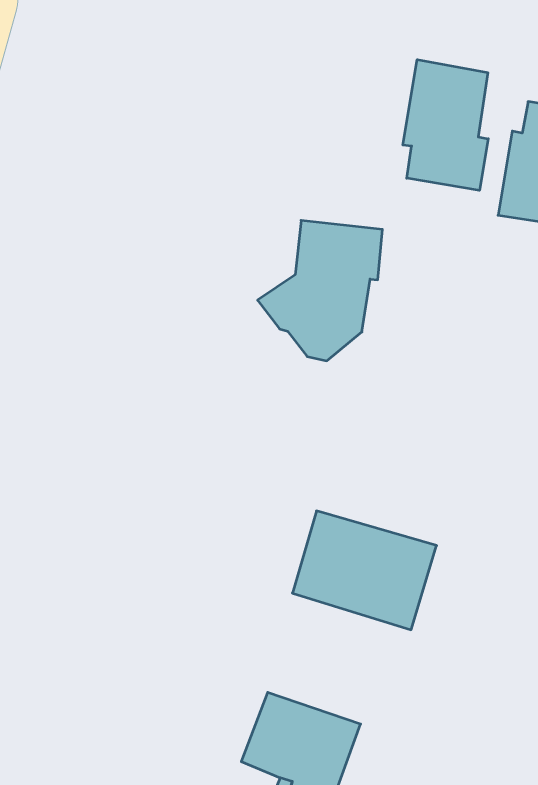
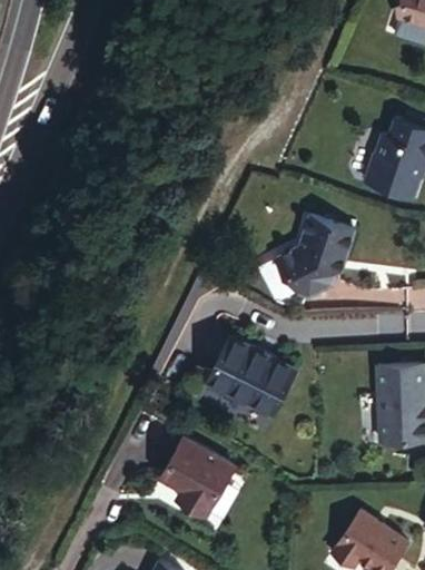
building: [403,60,488,190] -> none
building: [258,220,382,361] -> [271,220,352,305]

